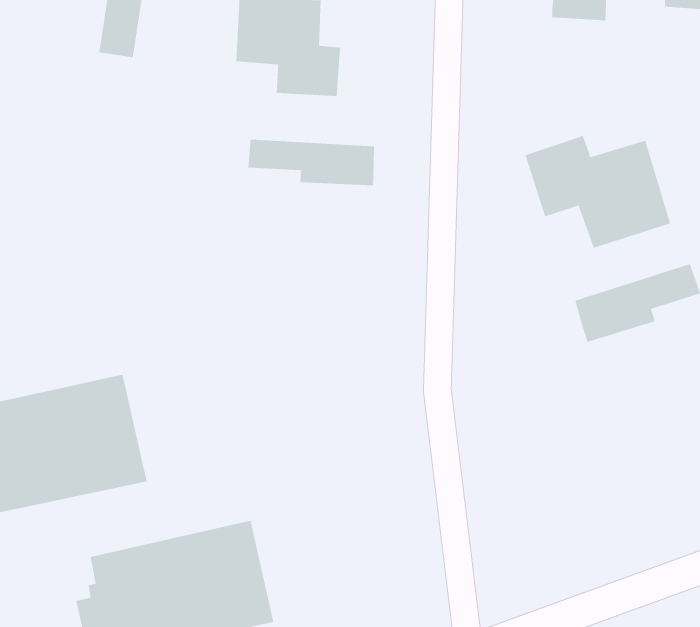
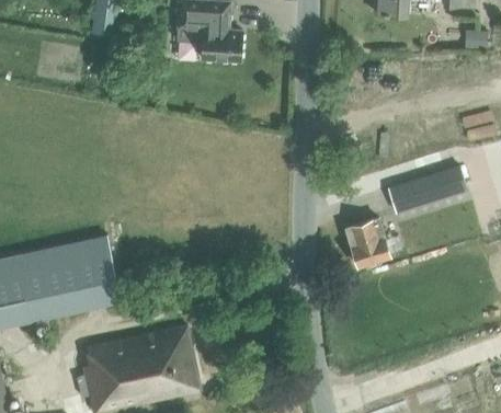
building: [525,135,671,249] -> none
building: [248,139,374,186] -> none
building: none -> [346,219,390,267]

